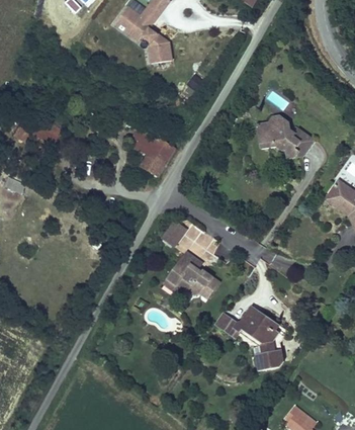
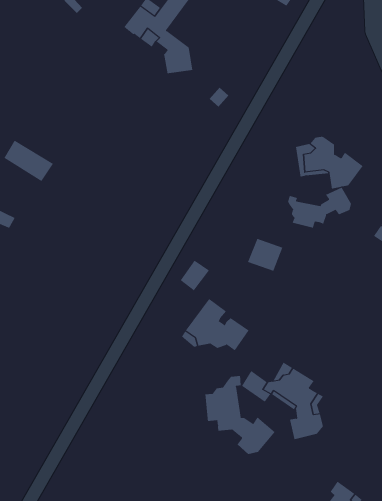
building: [127,127,173,176] -> none
building: none -> [287,187,351,229]
building: [189,231,219,259] -> [247,238,283,272]
building: none -> [205,375,276,455]

